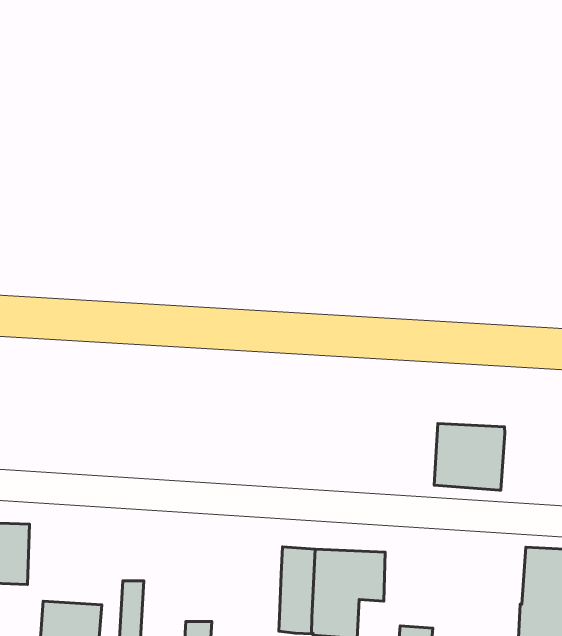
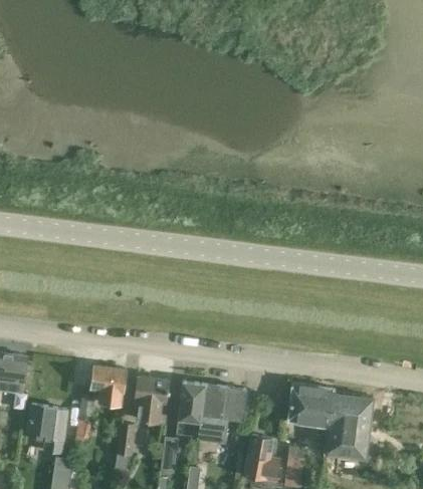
building: [434,423,505,490] -> [287,384,334,428]
building: none -> [91,365,127,406]
building: none -> [135,377,169,423]

